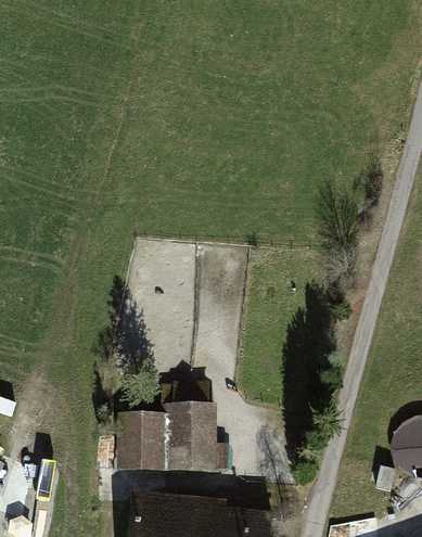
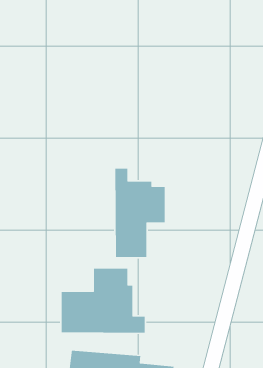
building: none -> [114,168,165,258]

